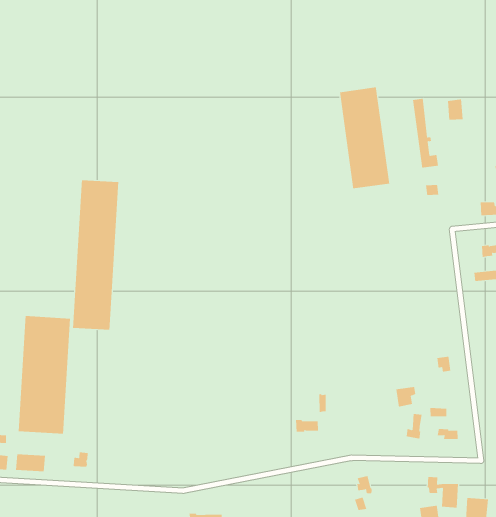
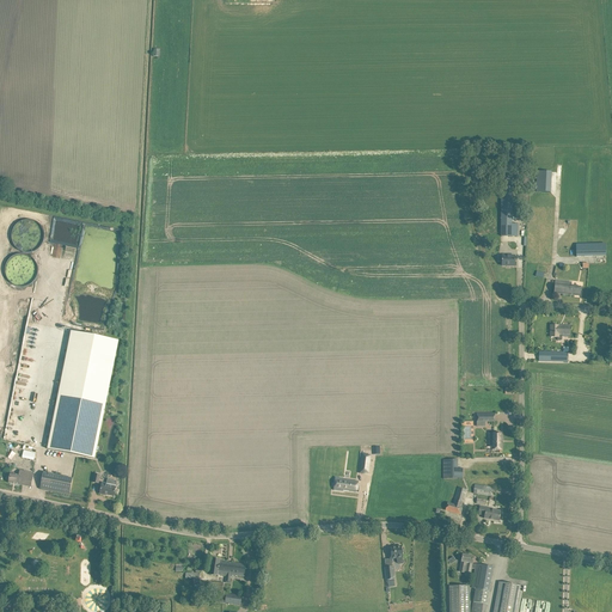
building: [339,87,390,189] -> none
building: [72,179,119,330] -> none

